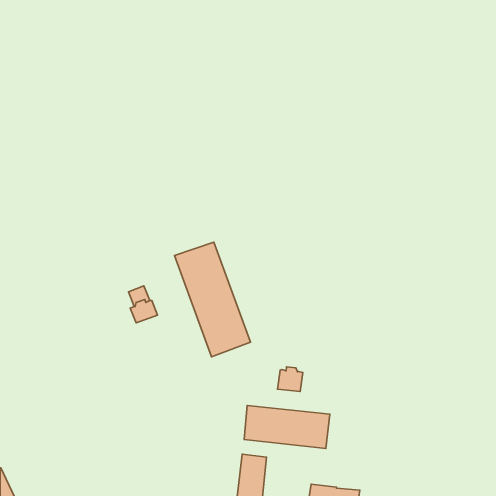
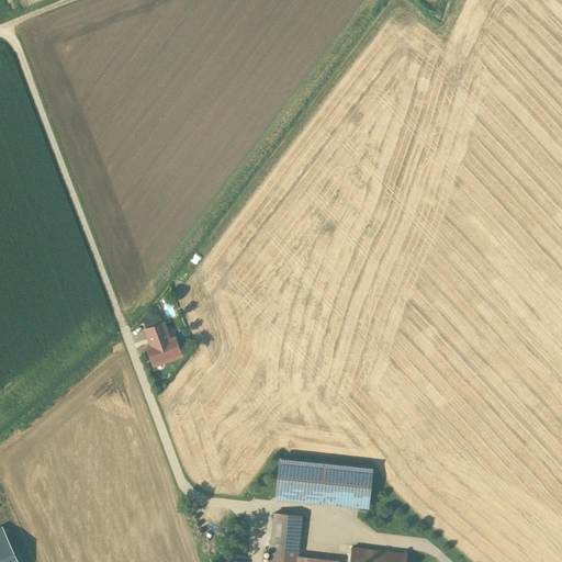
building: [175,242,250,357] -> none
building: [278,367,303,392] -> none

